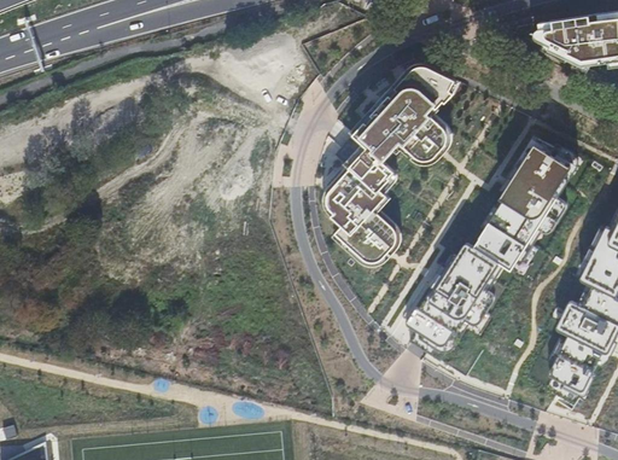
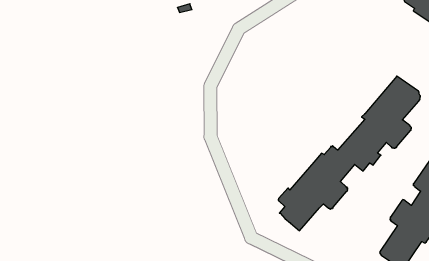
building: [327,66,454,261] -> none

